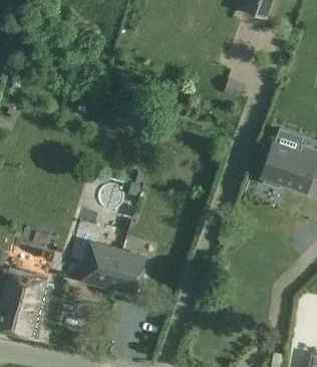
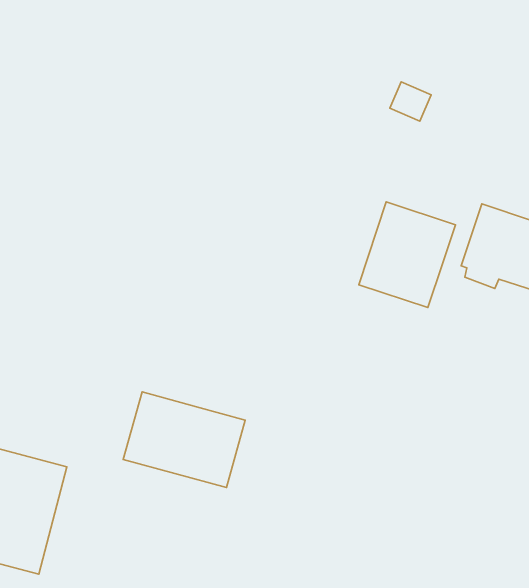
building: none -> [359,202,456,308]

